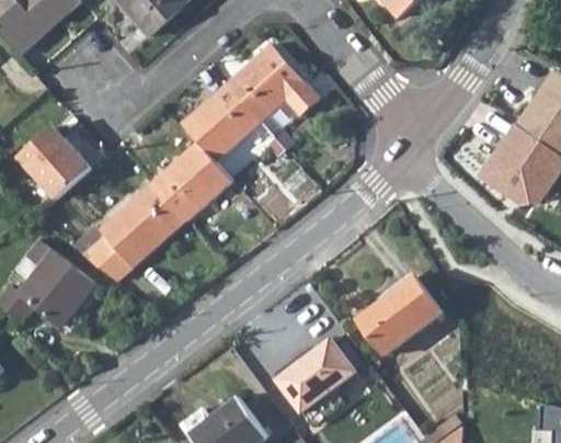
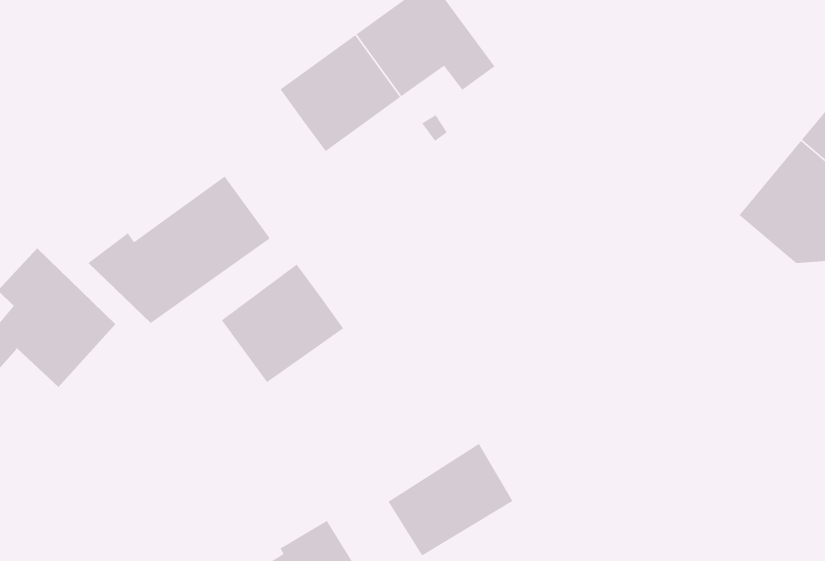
building: [20,126,90,196] -> none
building: [153,141,232,219] -> [221,264,344,383]
building: [356,274,442,356] -> none

